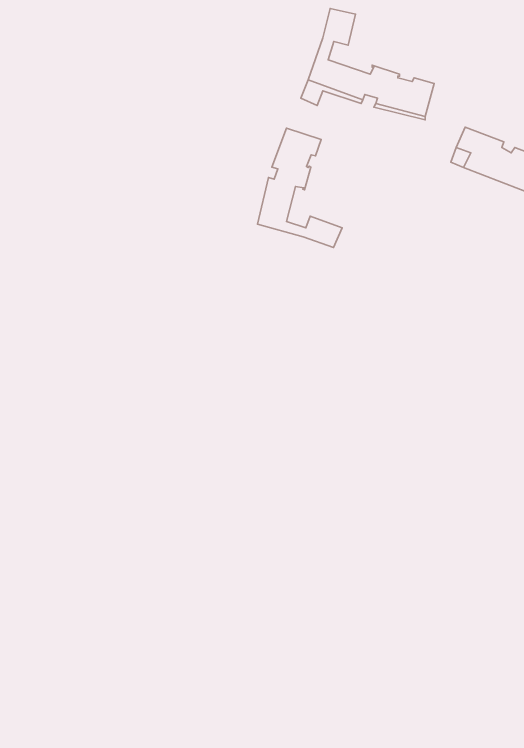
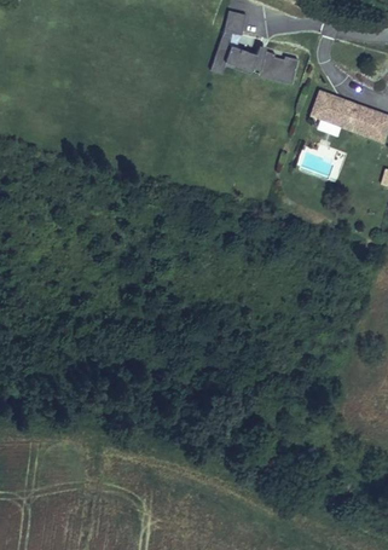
building: [257,128,342,248] -> none

